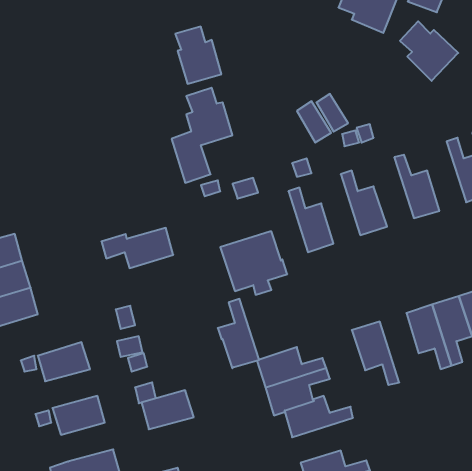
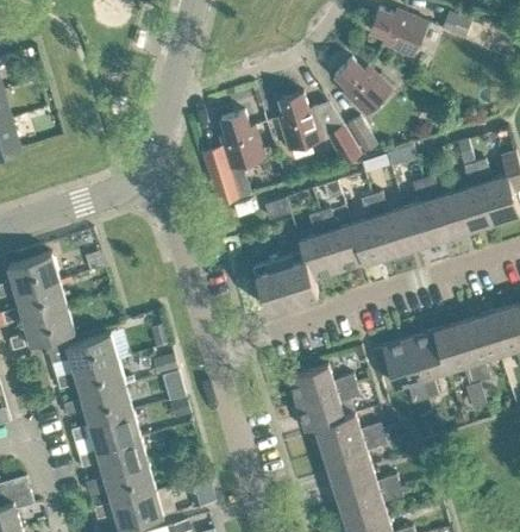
building: [400,21,458,81] -> [334,58,391,117]
building: [175,27,221,84] -> [278,94,324,150]
building: none -> [456,164,494,232]
building: none -> [403,180,443,248]
building: none -> [352,196,390,264]
building: [101,228,173,268] -> [48,334,118,374]
building: [218,299,259,368] -> [299,213,339,281]
building: none -> [409,332,447,400]
building: none -> [82,387,133,425]
building: [142,390,194,429] -> [98,439,149,477]
building: none -> [324,434,387,478]

